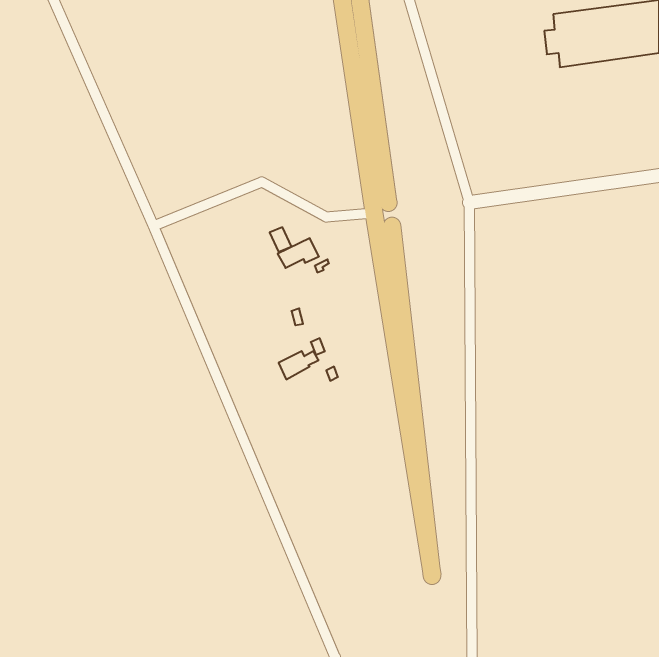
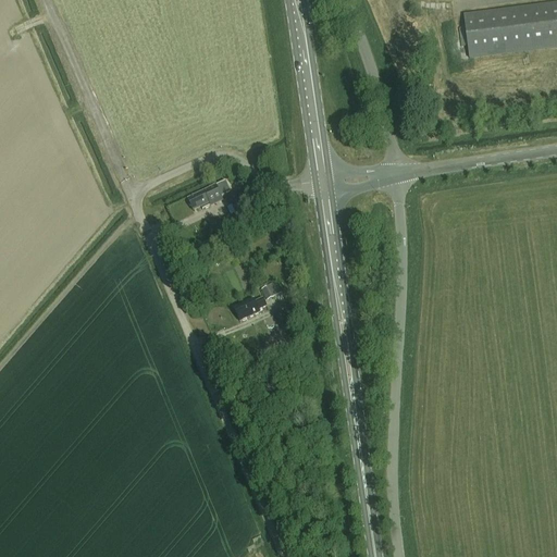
building: [278,238,319,268] -> [189,184,224,209]

